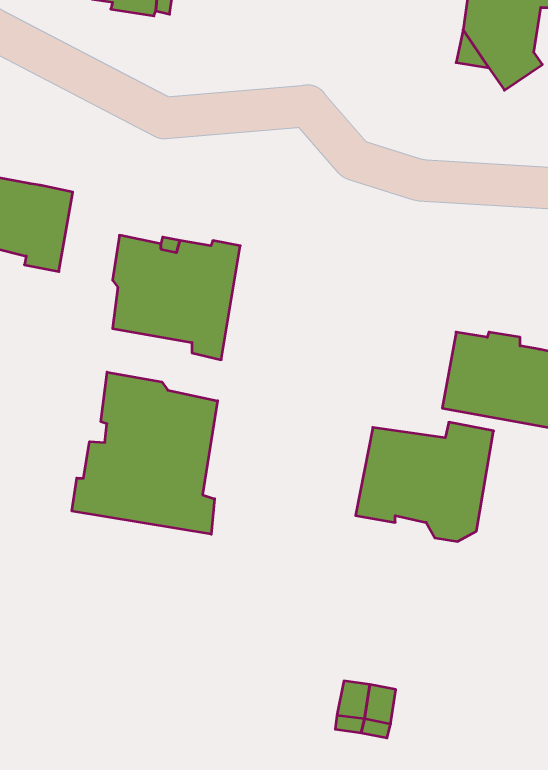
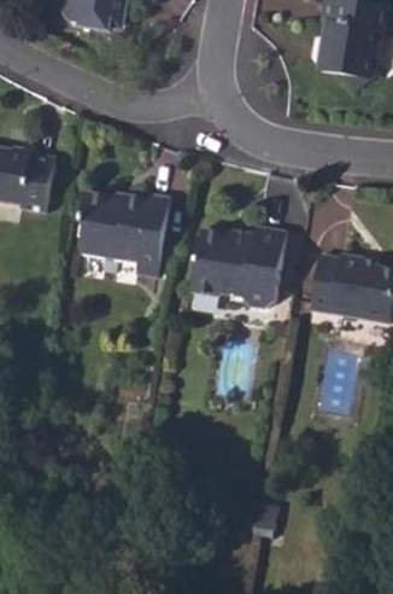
building: [72,372,218,534] -> none
building: [356,422,494,541] -> [190,223,287,307]

